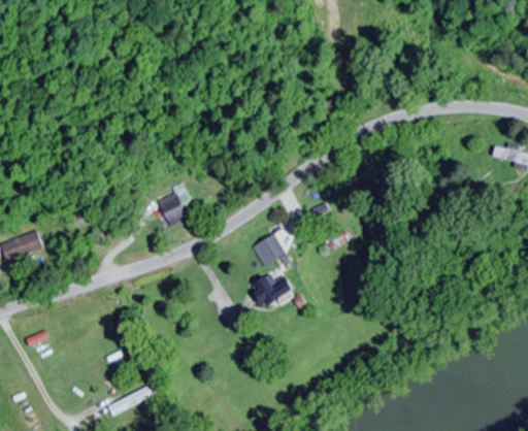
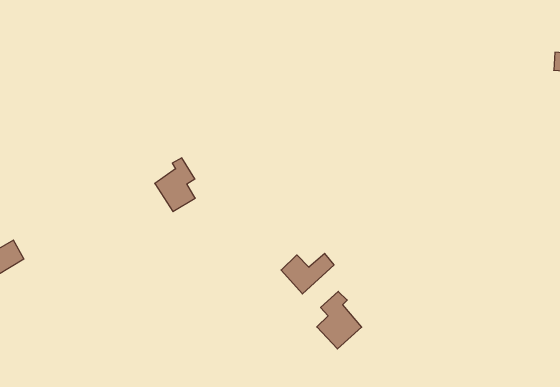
building: [254,234,287,266] -> none
building: none -> [317,291,362,349]

